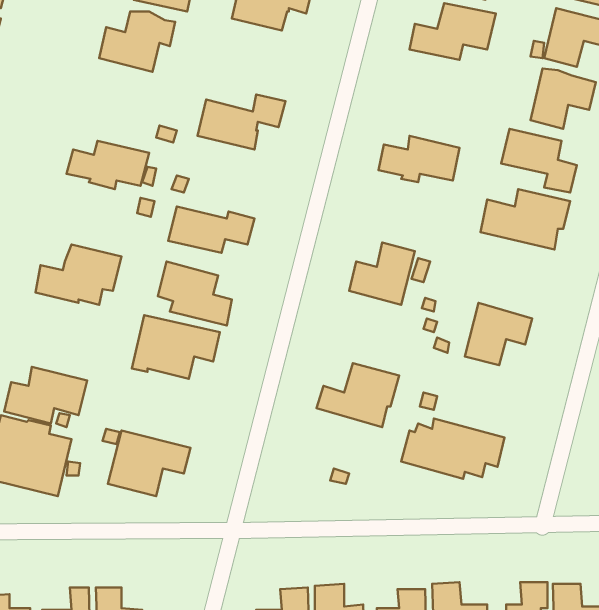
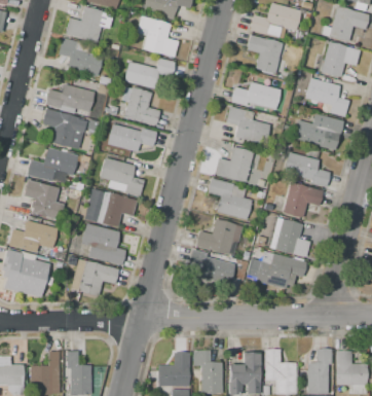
building: none -> [136,15,179,58]
building: none -> [247,36,283,75]
building: none -> [59,38,103,78]
building: none -> [117,86,160,127]
building: none -> [226,106,271,145]
building: none -> [43,109,86,150]
building: none -> [286,152,331,189]
building: none -> [207,178,252,220]
building: none -> [24,180,64,220]
building: none -> [267,218,311,258]
building: none -> [71,223,125,266]
building: none -> [189,249,235,286]

